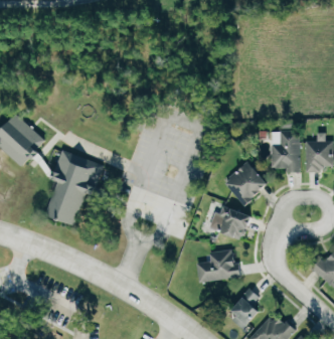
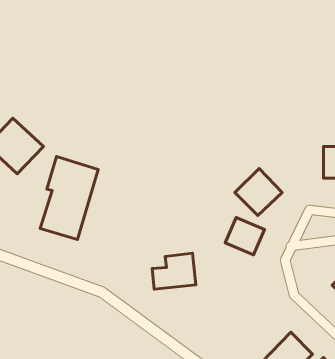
building: [271,131,297,170] -> none
building: [196,248,236,282] -> [152,253,196,289]
building: [226,290,258,328] -> none

